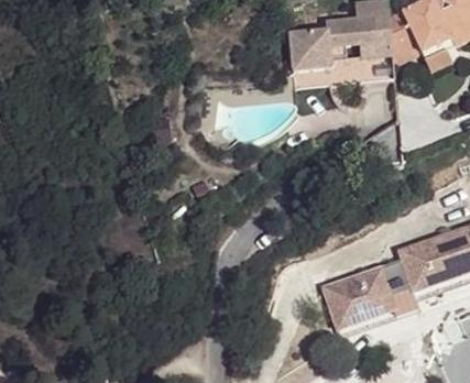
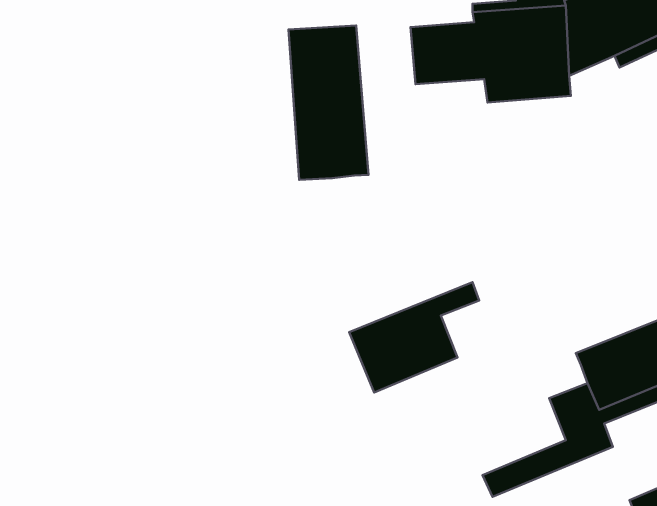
building: none -> [289,25,368,180]
building: [320,255,406,328] -> [349,282,479,392]

